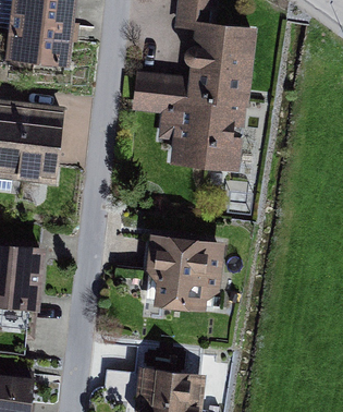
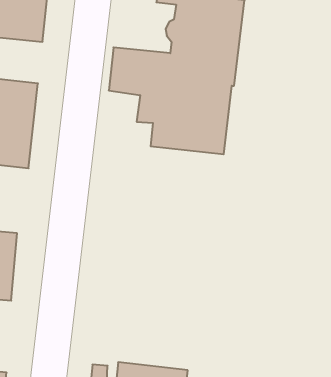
building: [145,233,225,311] -> none

